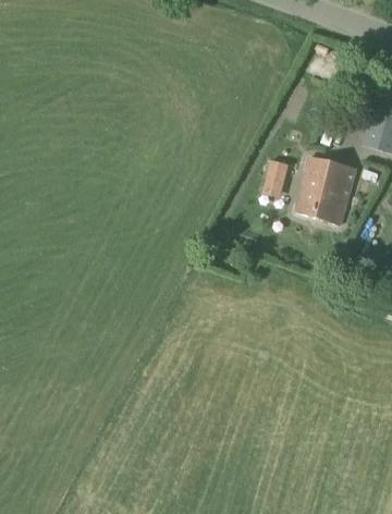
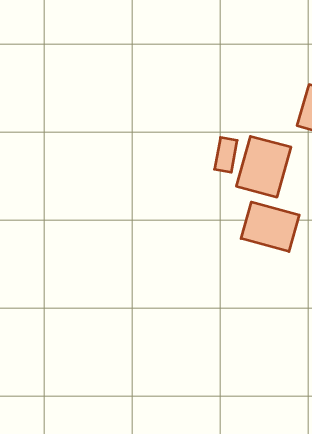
building: none -> [241,202,299,252]

